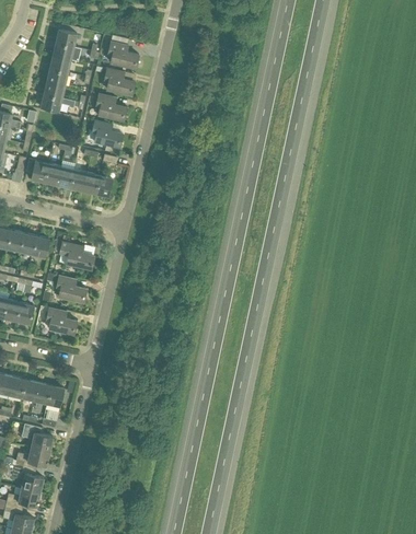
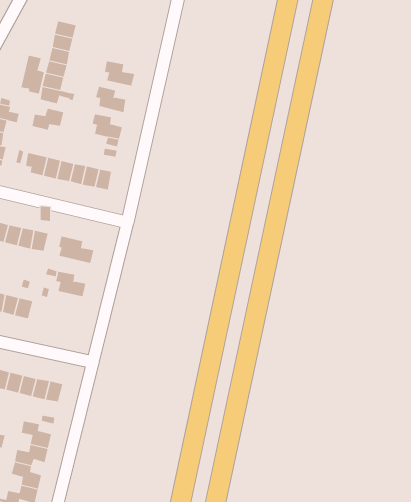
building: [107,36,139,68] -> none
building: none -> [21,55,44,95]
building: none -> [32,108,64,130]
building: [46,309,77,334] -> none

